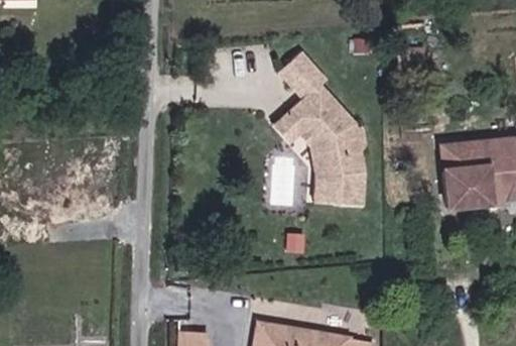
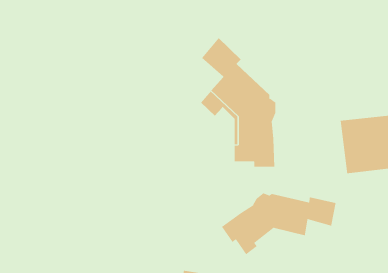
building: none -> [221,192,336,255]

